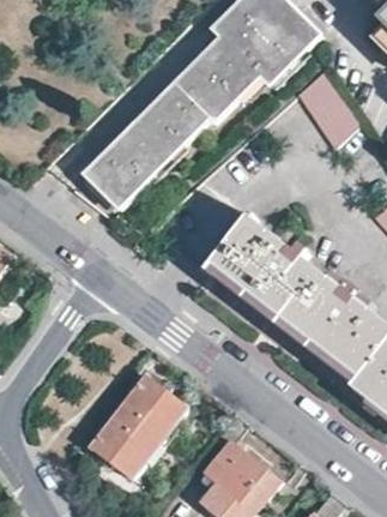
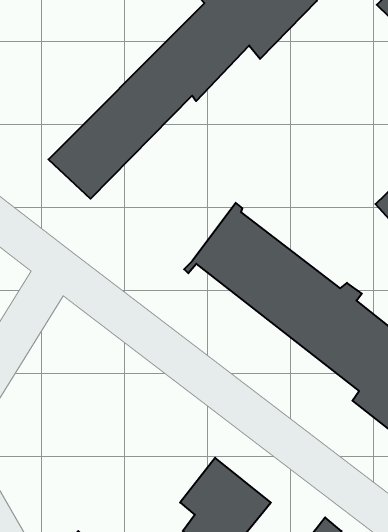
building: [295,70,358,146] -> none
building: [89,375,186,480] -> none

